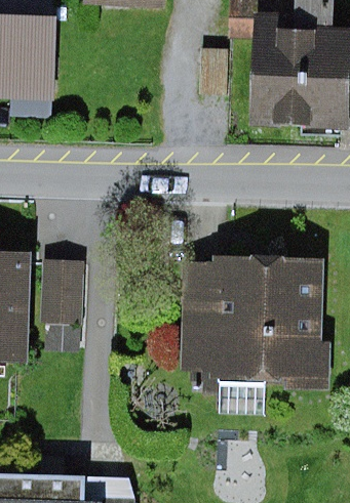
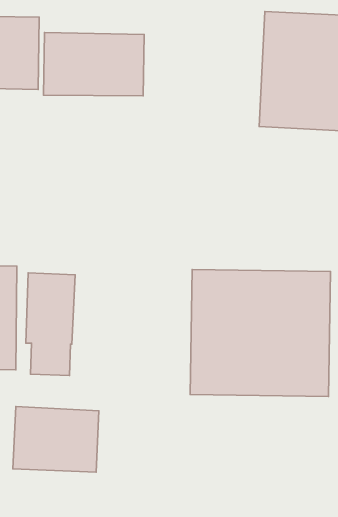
building: none -> [44,33,144,96]
building: none -> [13,407,99,472]

